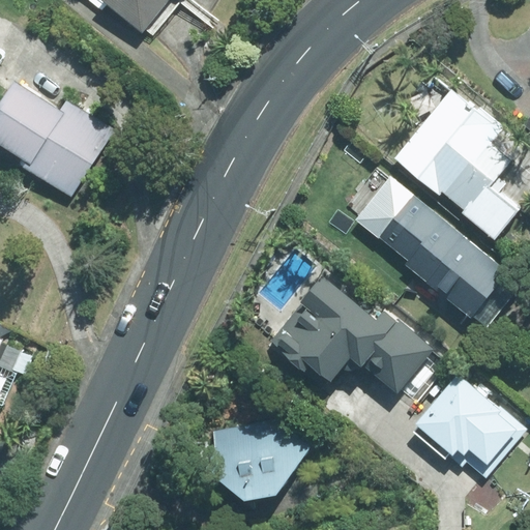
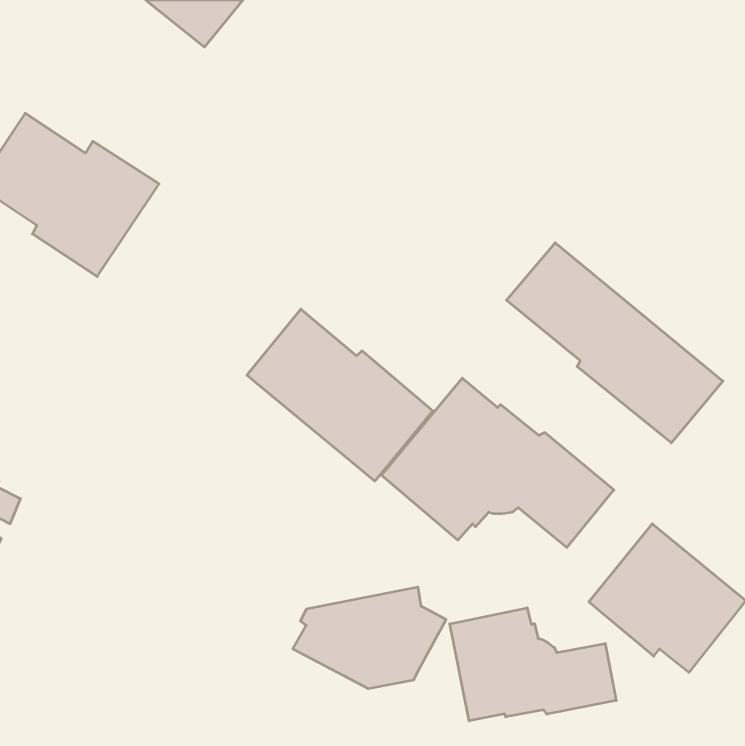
building: [393,90,519,238] -> none
building: none -> [247,309,433,481]
building: none -> [450,608,616,721]

